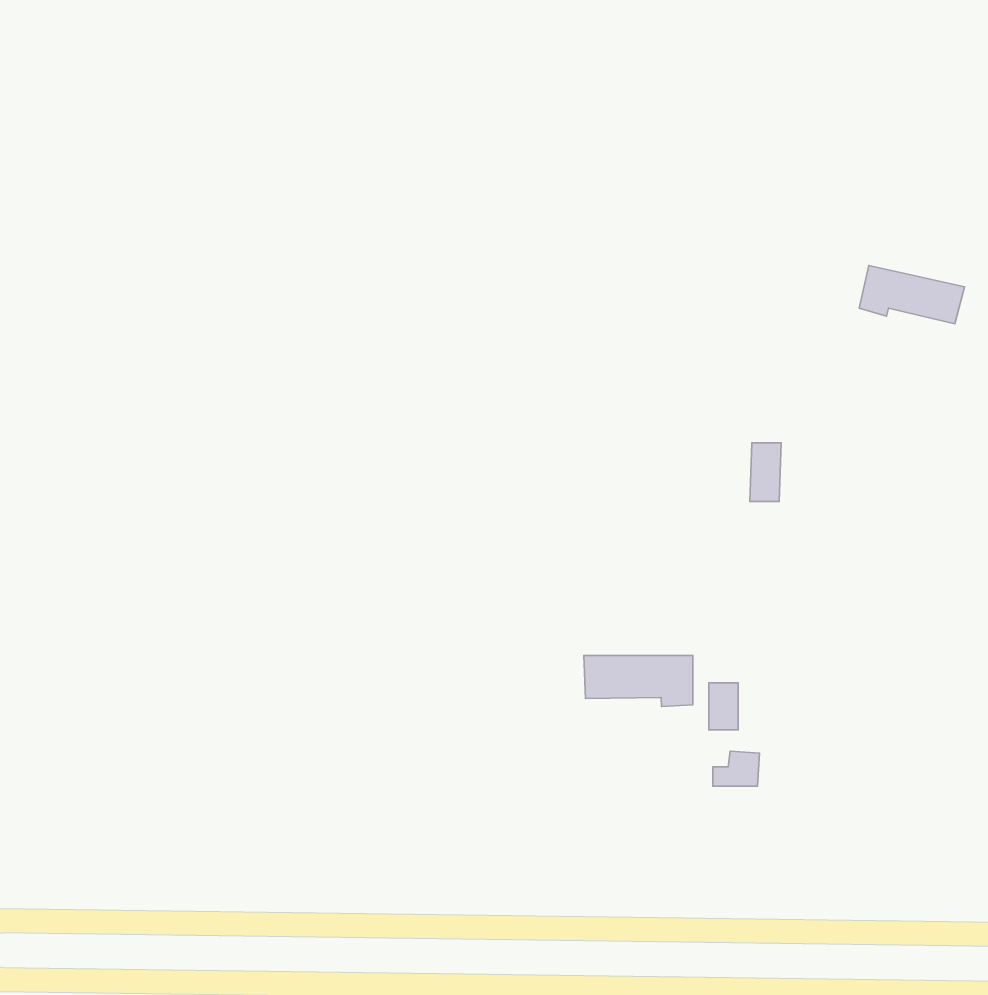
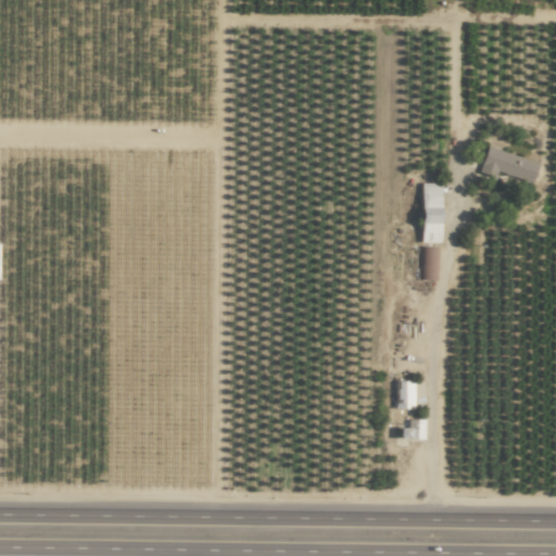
building: none -> [424,182,443,241]
building: [584,656,693,707] -> none

